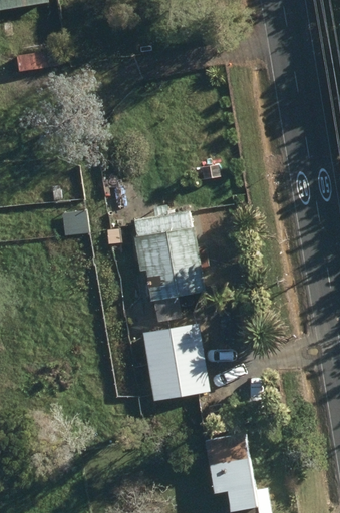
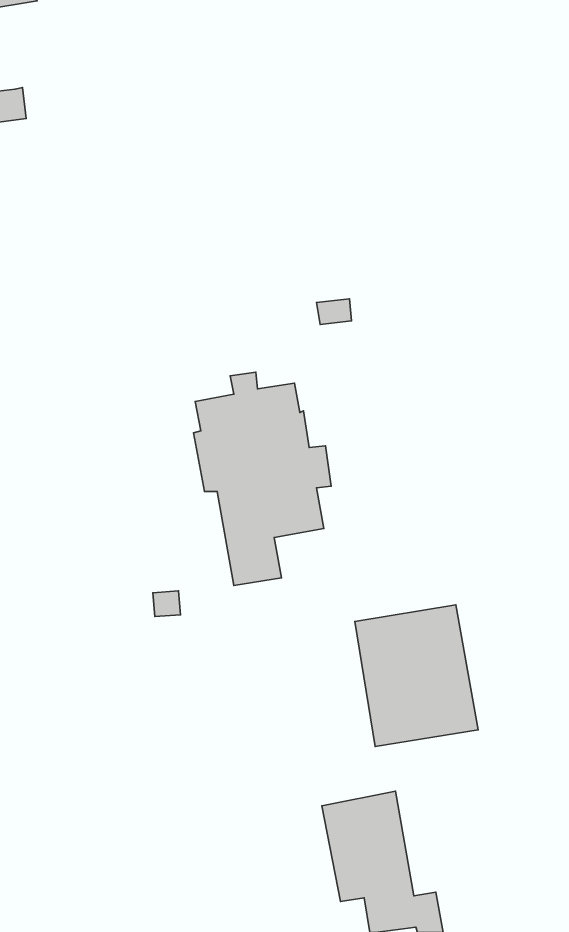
building: [142,323,210,400] -> [355,605,478,746]

